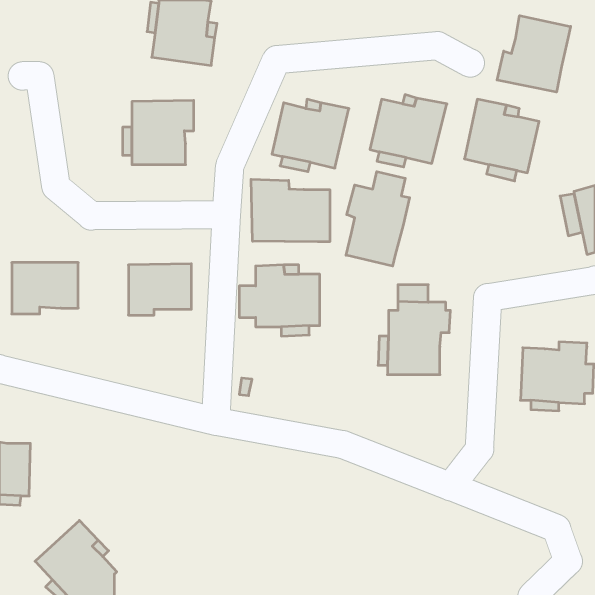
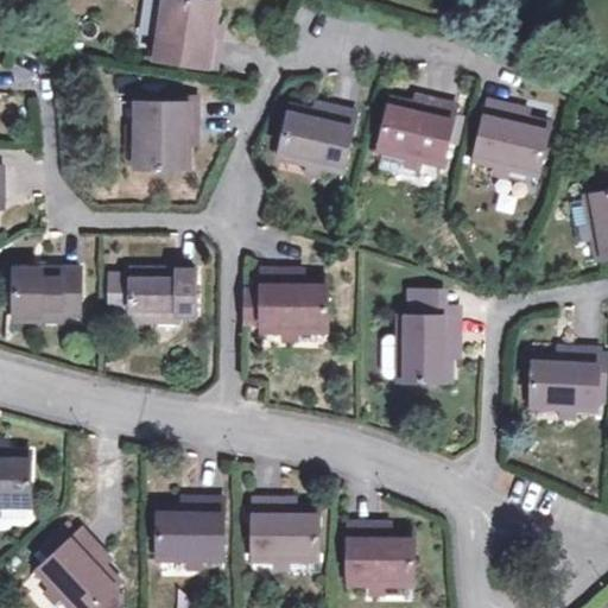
building: [497,16,571,92] -> none
building: [346,172,410,266] -> none
building: [251,179,330,242] -> none
building: none -> [157,498,222,560]
building: none -> [253,500,318,562]
building: none -> [348,524,413,585]

